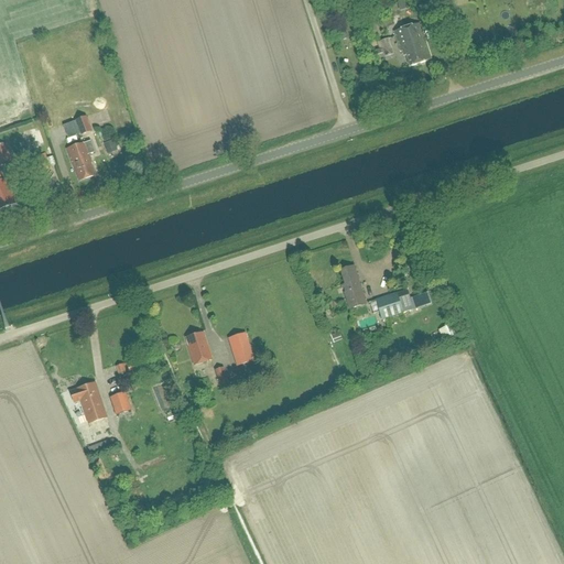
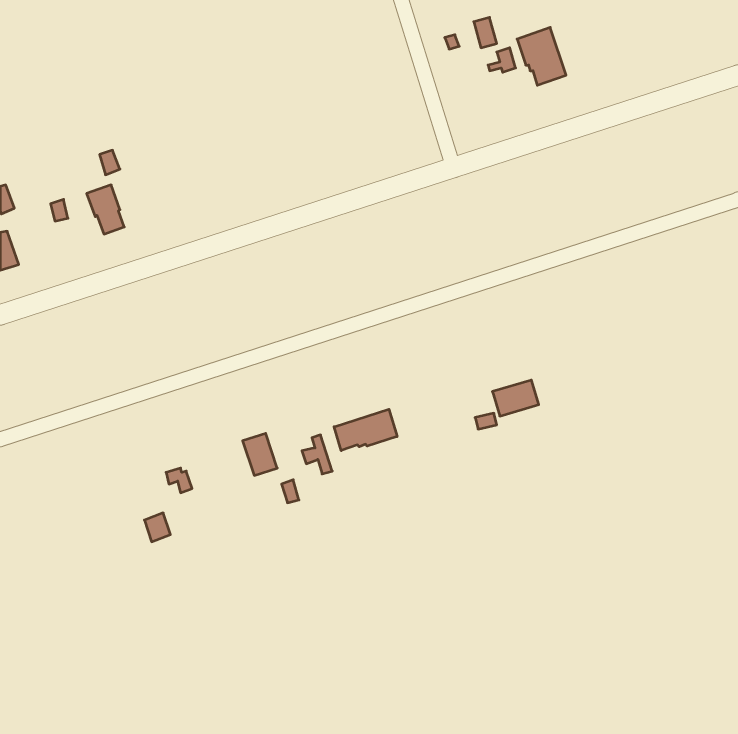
building: [340,264,365,307] -> none
building: none -> [334,409,397,451]
building: [70,381,107,422] -> none

